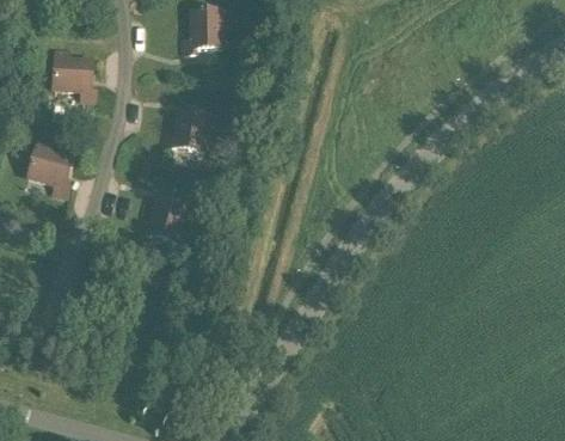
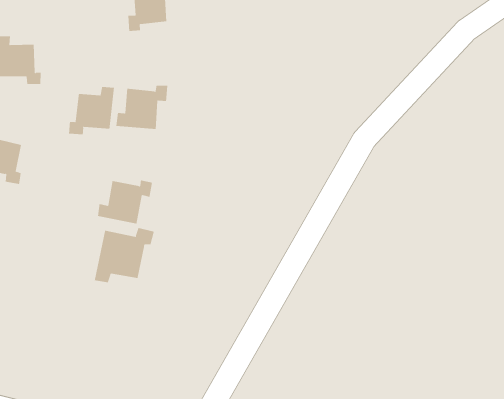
building: none -> [68,86,114,135]
building: none -> [94,227,155,283]

